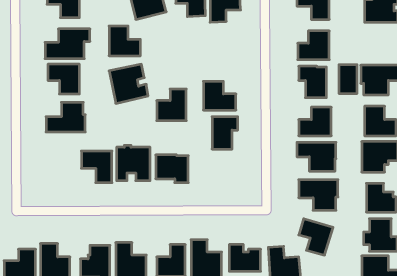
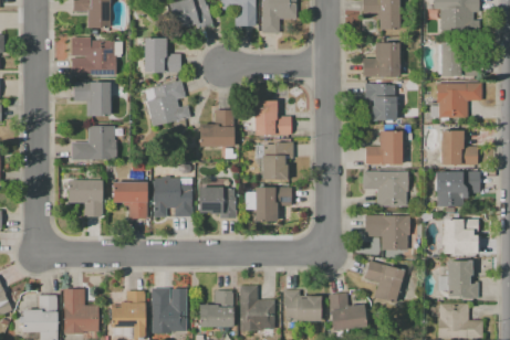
building: [339,65,357,93] -> [439,43,460,76]
building: none -> [67,180,102,216]
building: none -> [246,187,291,222]

